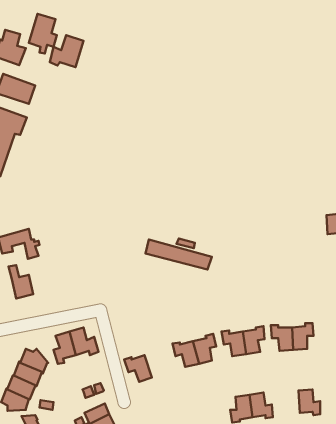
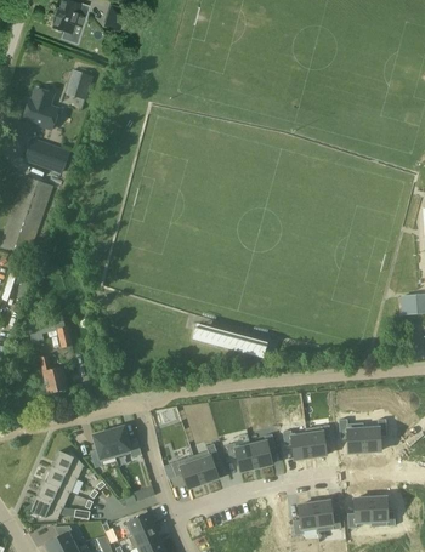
building: [50,35,83,67] -> none
building: none -> [193,448,220,483]
building: none -> [345,497,369,527]

